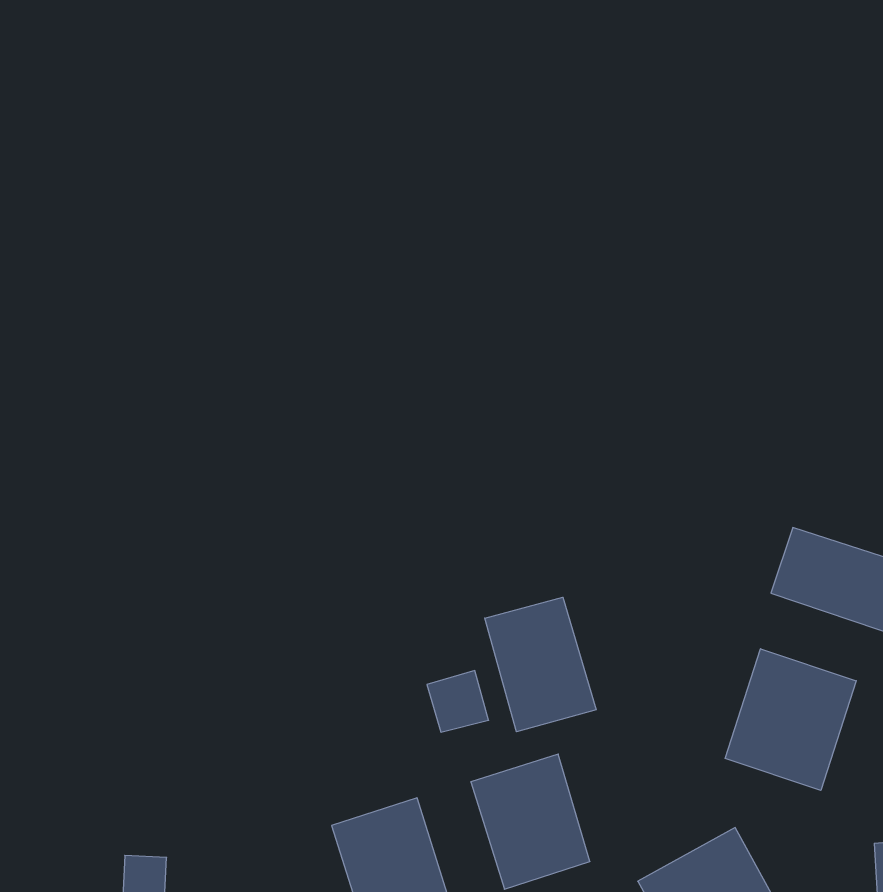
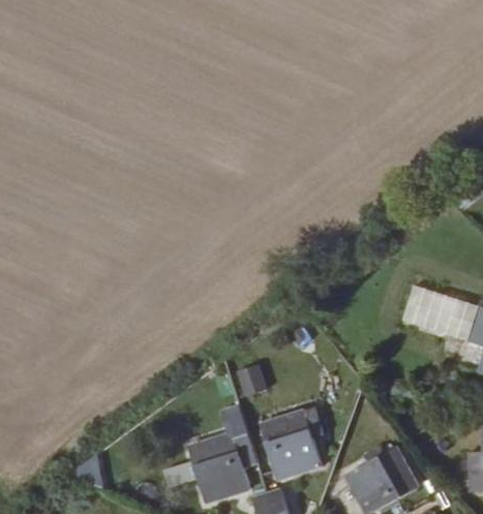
building: [485,597,596,732] -> none
building: [725,649,856,790] -> none

